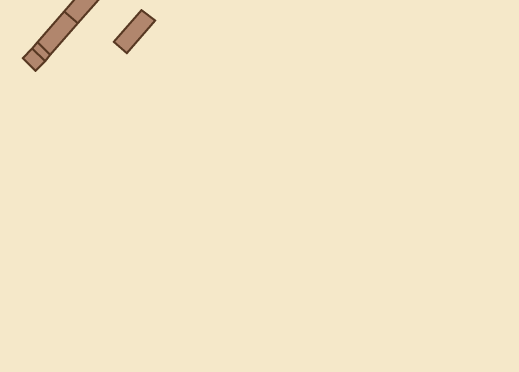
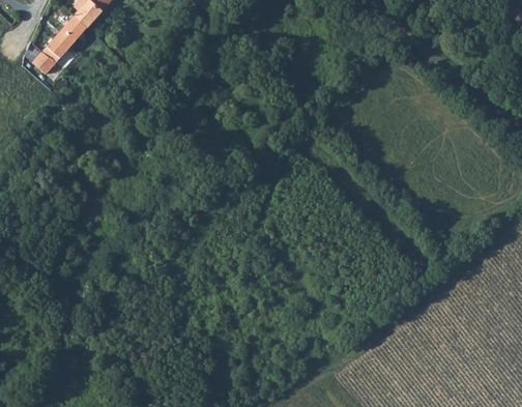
building: [114,10,155,53] -> none

